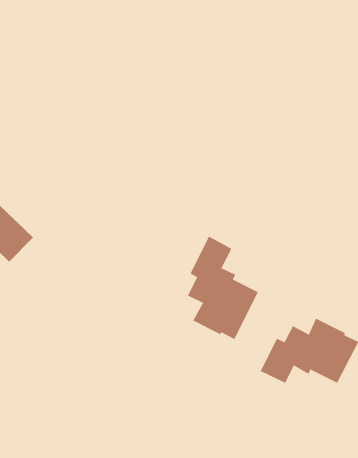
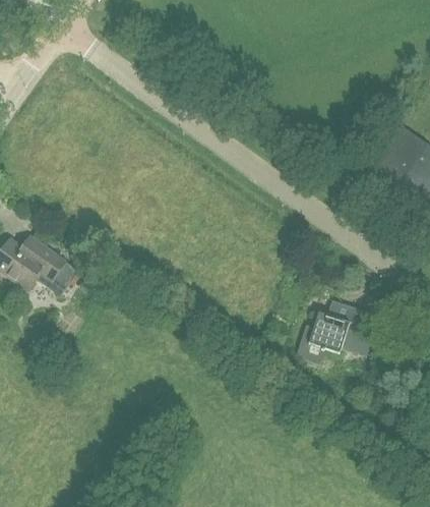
building: [187,236,258,340] -> none

